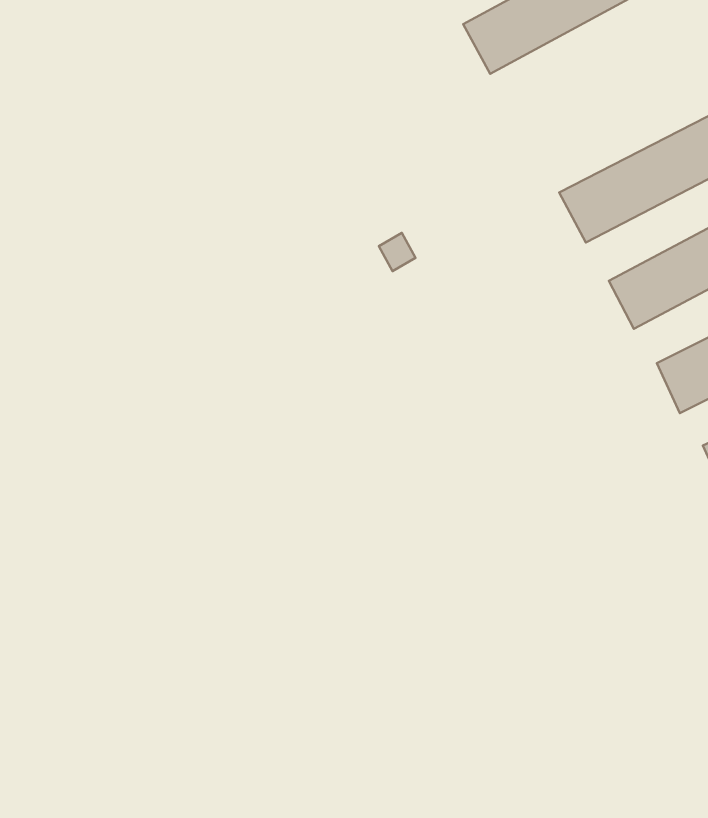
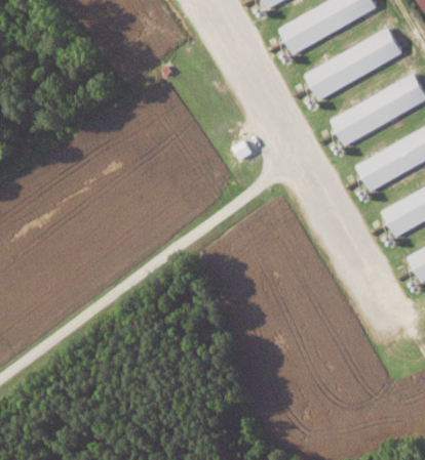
building: none -> [303,29,402,98]

